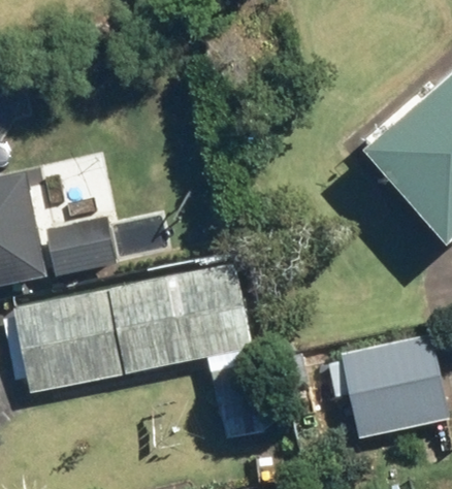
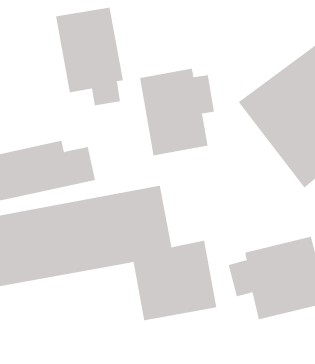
building: none -> [55,7,123,106]
building: none -> [140,68,215,156]

